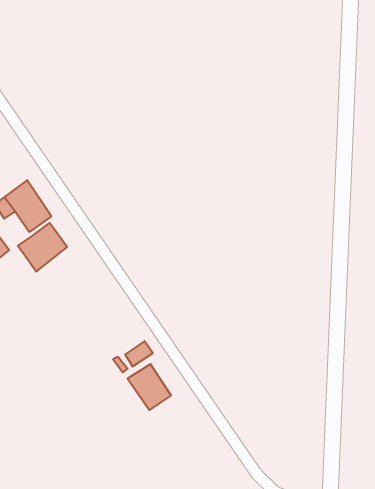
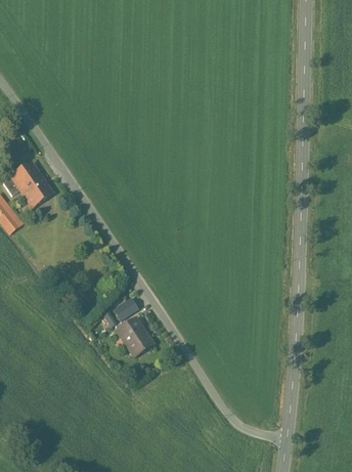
building: [18,223,67,272] -> none

